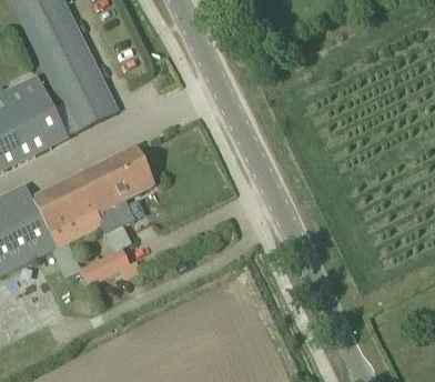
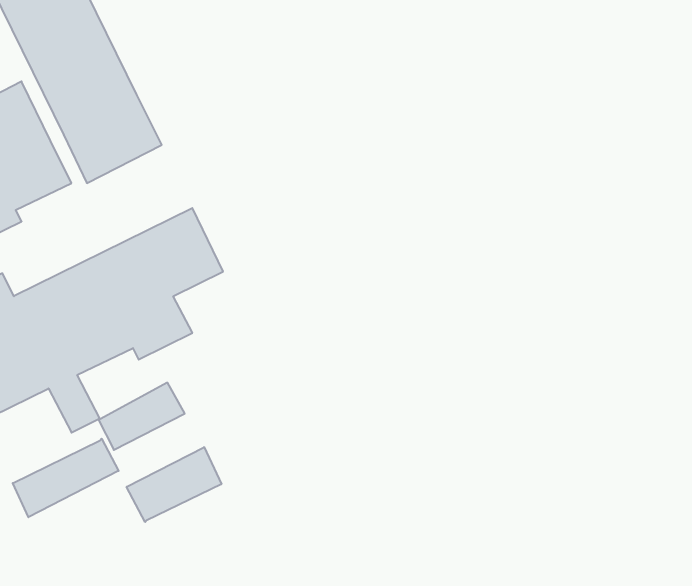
building: none -> [13,439,119,517]
building: none -> [127,447,221,522]

